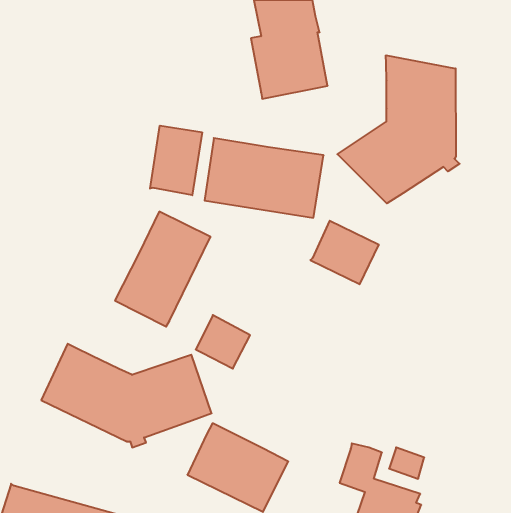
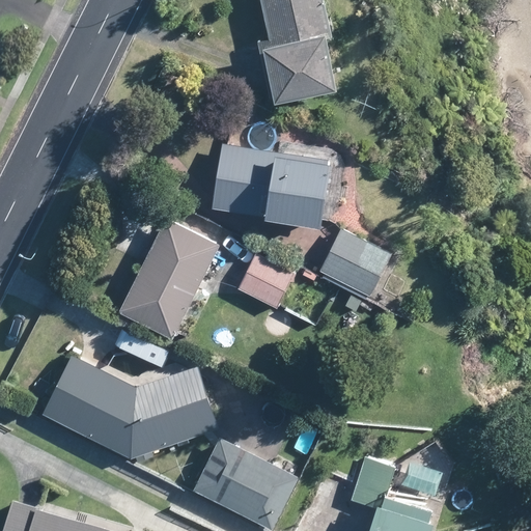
building: [337,55,460,203] -> none
building: [150,126,202,195] -> none
building: [196,315,250,369] -> [236,253,292,308]

